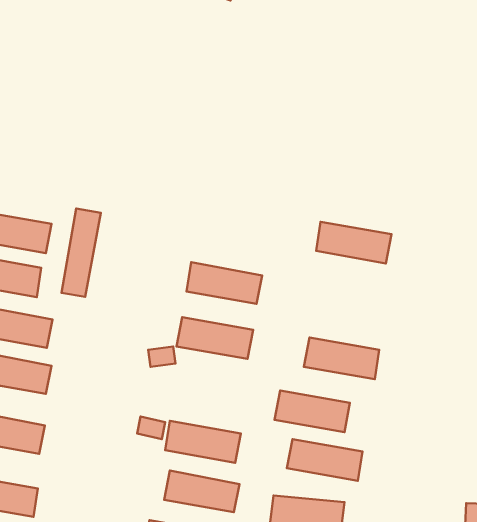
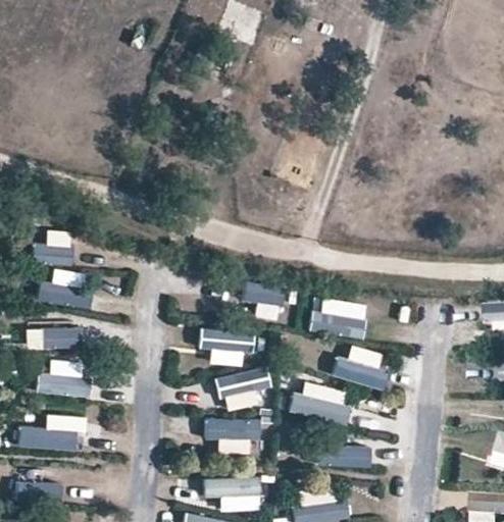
building: [62,209,101,297] -> none
building: [316,222,392,263] -> [308,299,376,336]
building: none -> [209,377,275,408]

